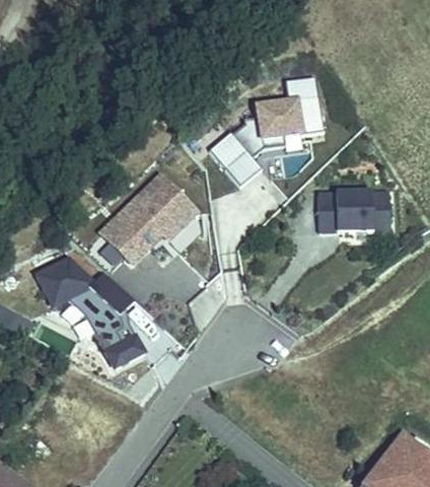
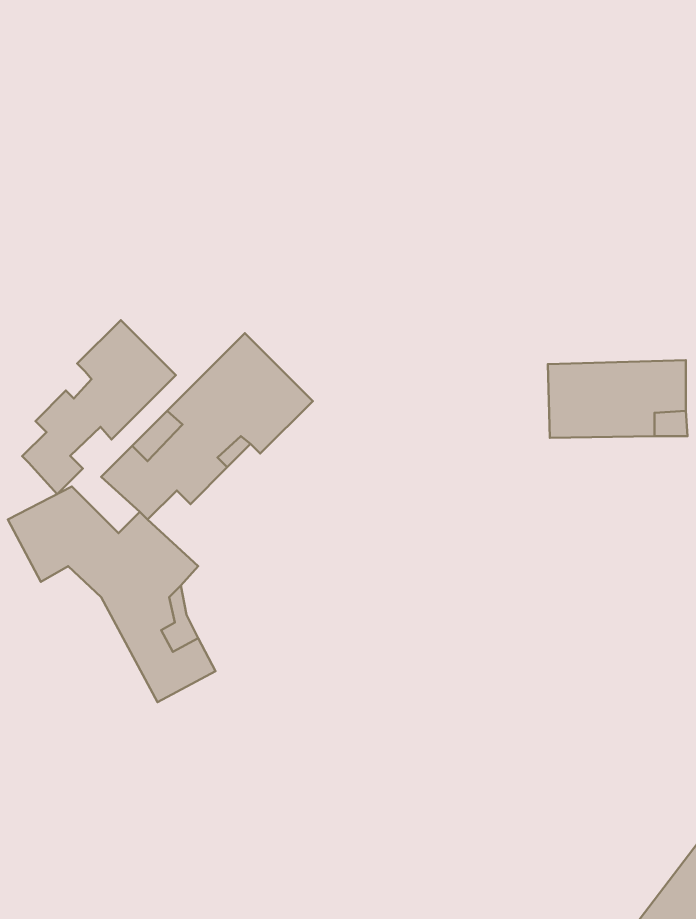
building: [209,74,324,186] -> none
building: none -> [22,320,176,494]

